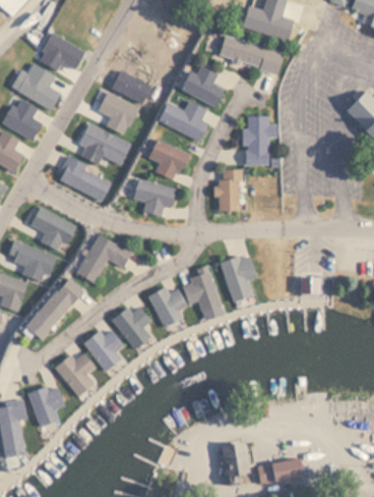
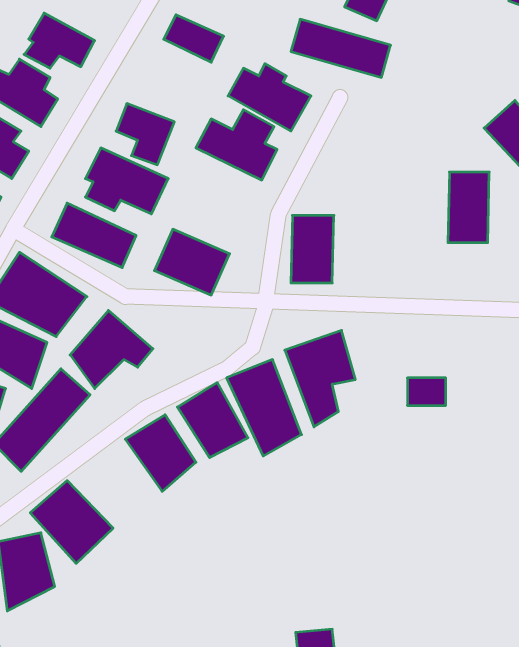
building: [112,71,151,103] -> [164,15,224,62]
building: [243,117,270,164] -> [448,172,489,243]
building: [147,133,188,175] -> none
building: [78,323,127,370] -> none

